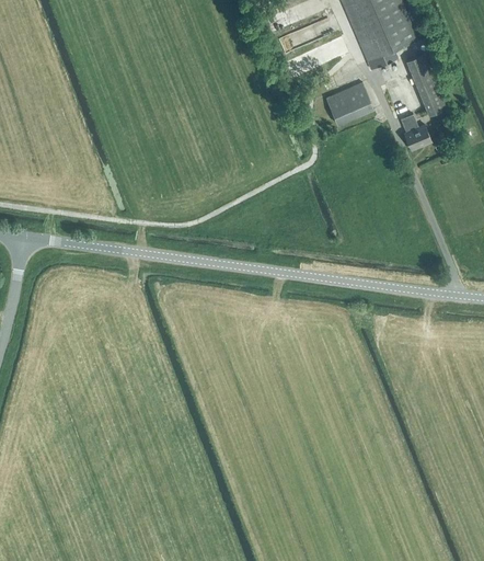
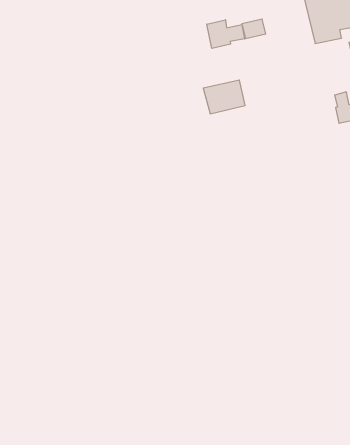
building: none -> [207,20,244,48]
building: [324,82,372,124] -> [203,80,245,114]

